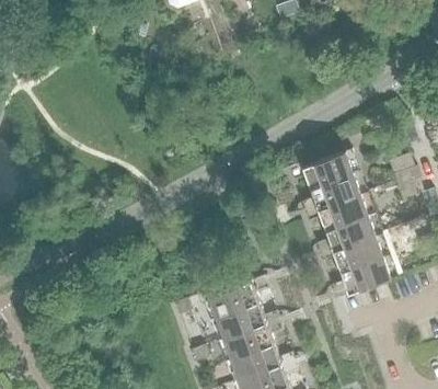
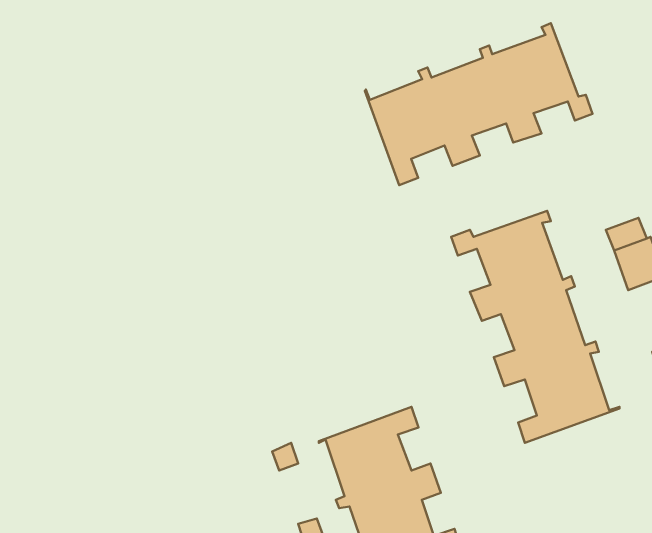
building: none -> [365,23,593,185]

